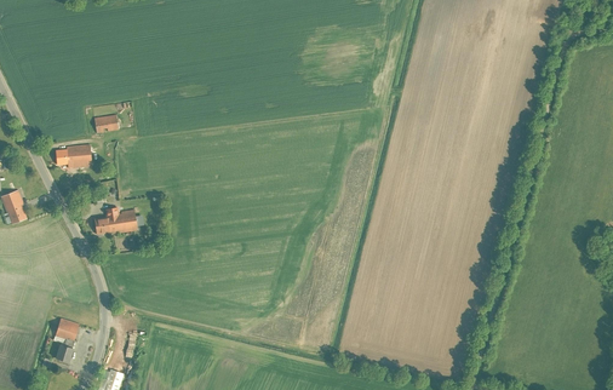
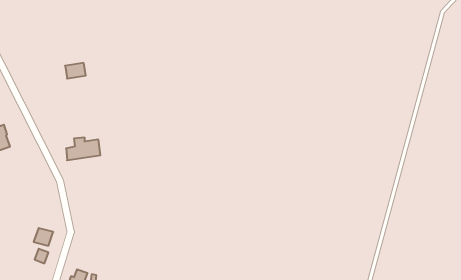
building: [55,145,91,168] -> none

